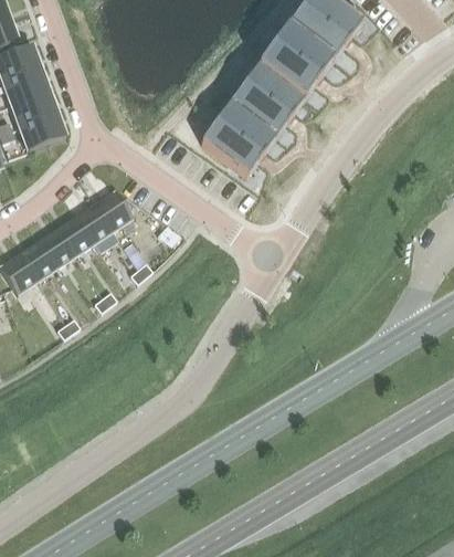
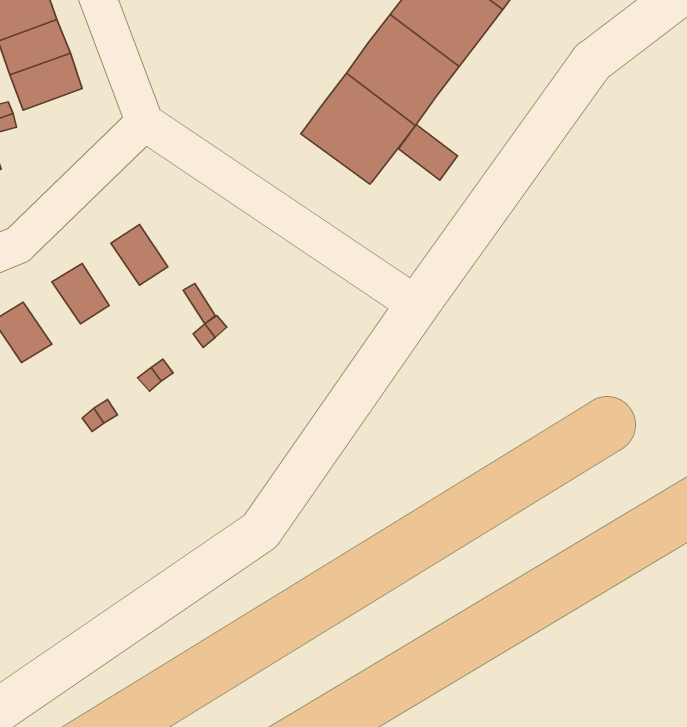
building: [18,113,65,150] -> none
building: none -> [399,125,457,180]
building: [94,189,133,230] -> none
building: [56,214,94,255] -> none
building: [18,240,55,281] -> none

